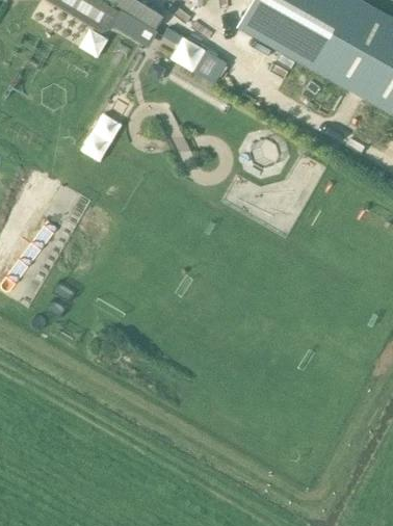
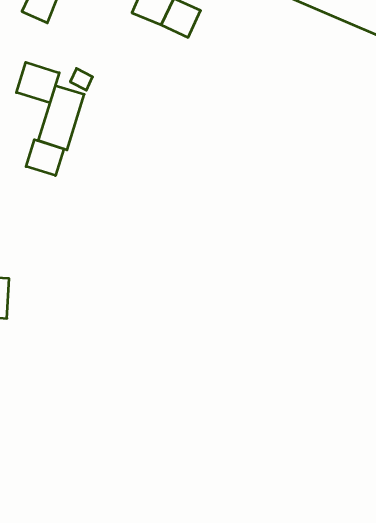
building: none -> [16,62,59,103]
building: none -> [26,140,64,176]

